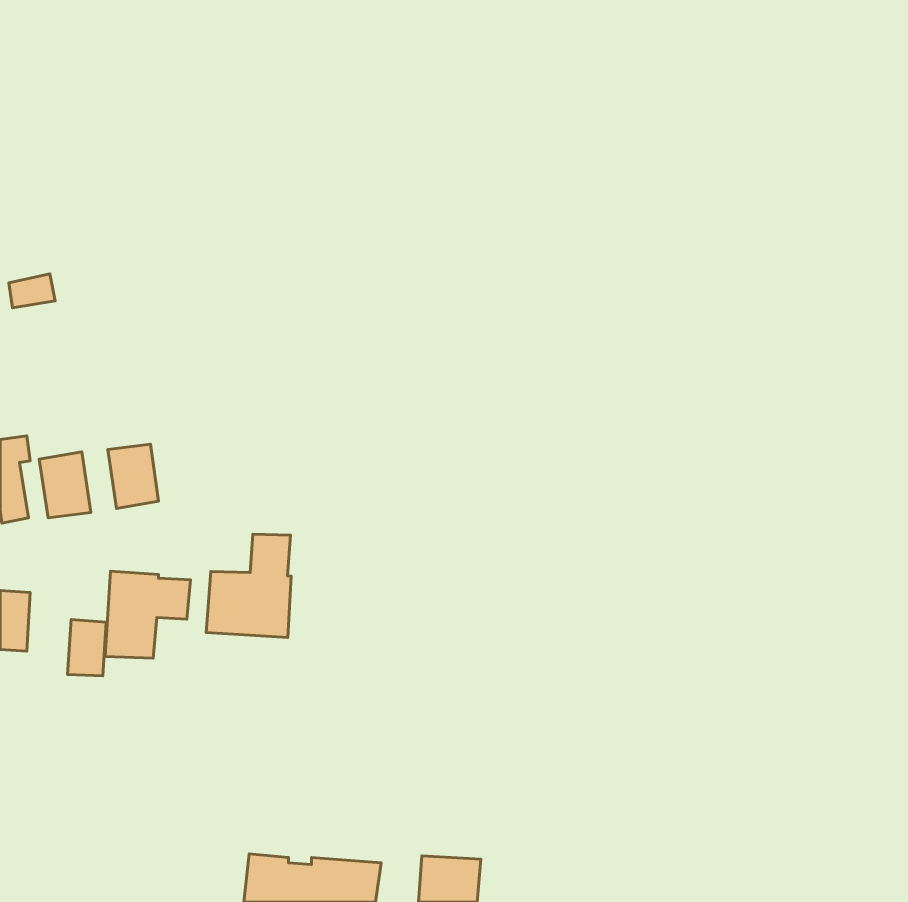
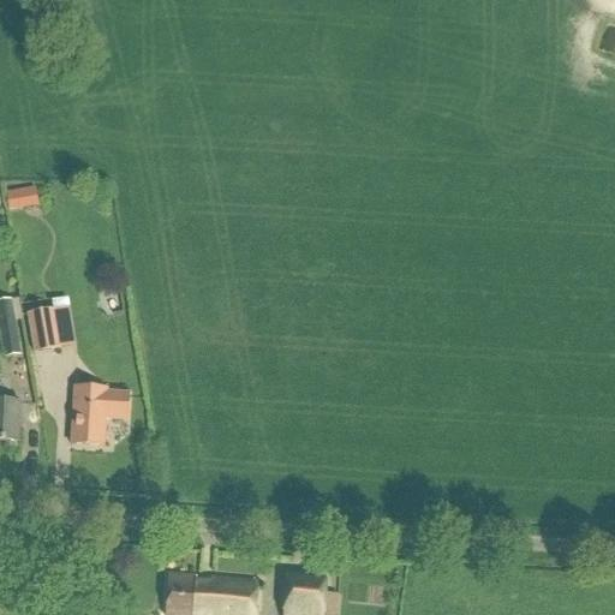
building: [108,444,159,508] -> none
building: [206,534,291,637] -> none
building: [68,619,106,676] -> none

